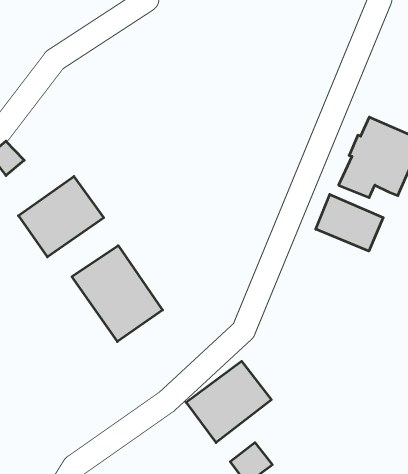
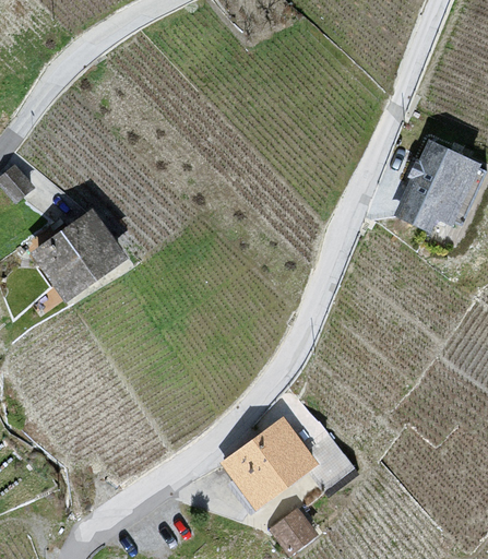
building: [316,194,383,251] -> none
building: [72,246,163,342] -> none

